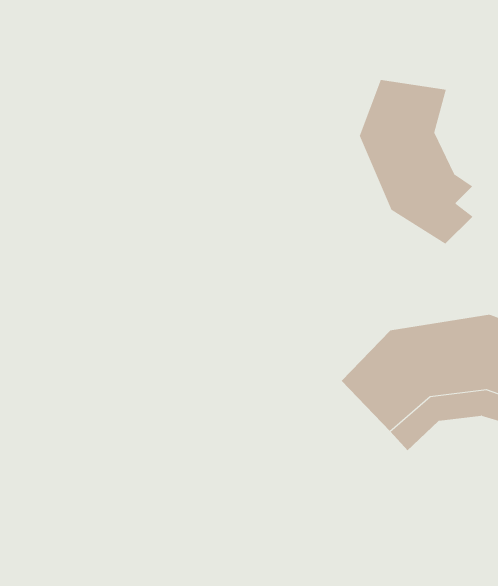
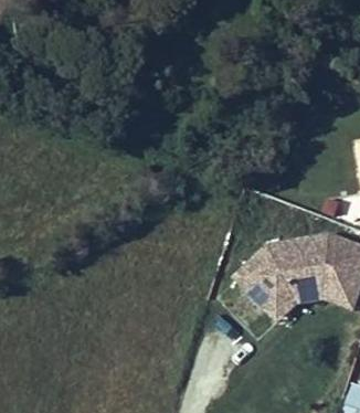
building: [359,79,473,244] -> none

